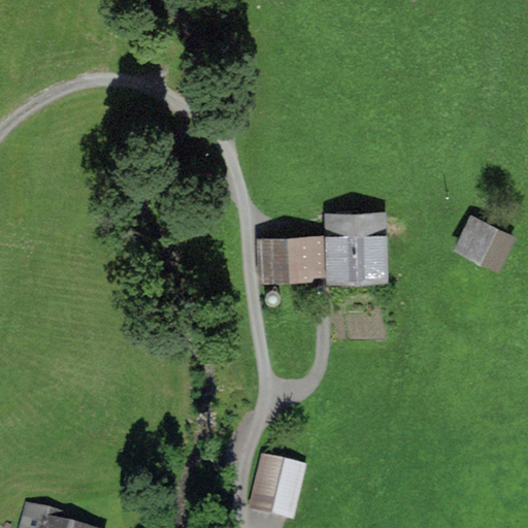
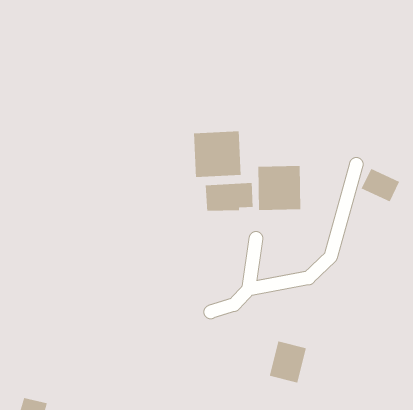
building: none -> [193,131,242,178]
building: [254,459,302,514] -> [269,341,307,384]

